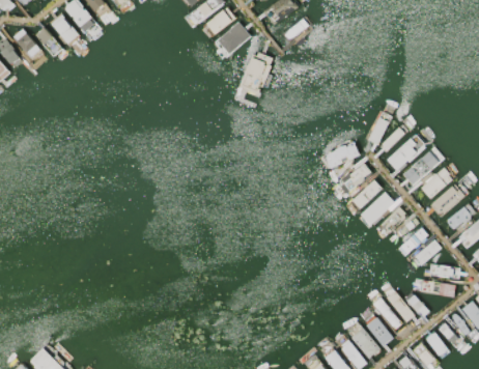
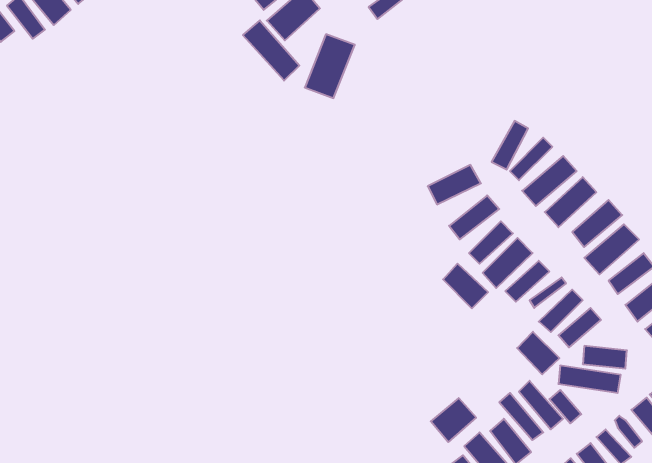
building: none -> [243,20,299,81]
building: none -> [443,264,488,308]
building: none -> [517,332,559,374]
building: none -> [431,398,476,442]

